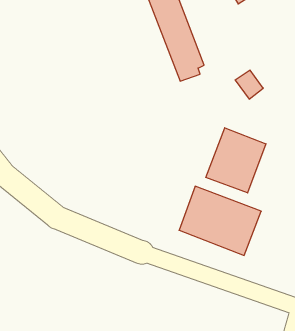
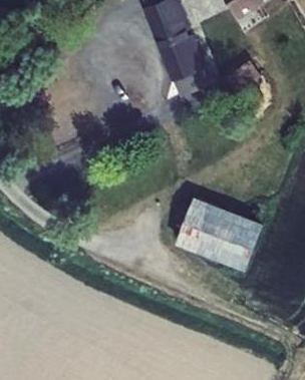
building: [206,128,266,193] -> none

